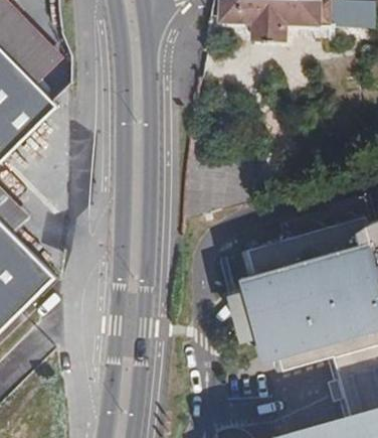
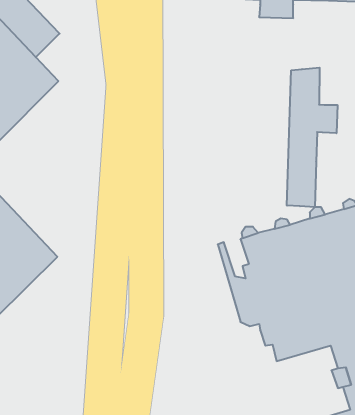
building: none -> [287,68,337,207]

